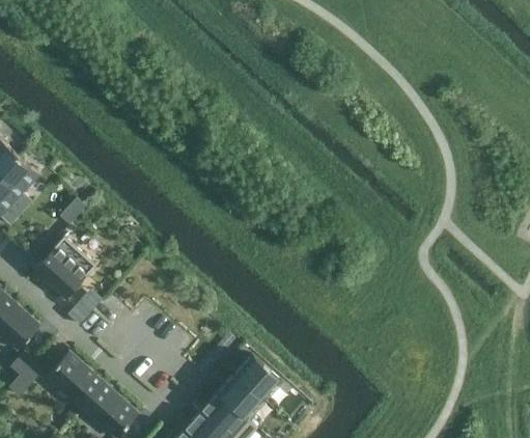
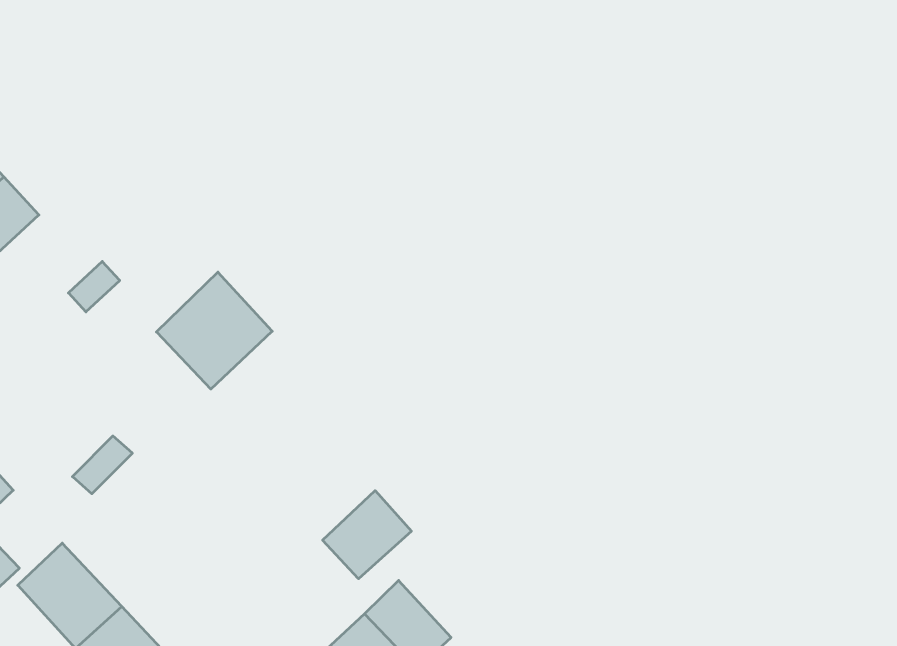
building: [33,237,95,300] -> [156,272,272,389]
building: none -> [323,491,411,579]

